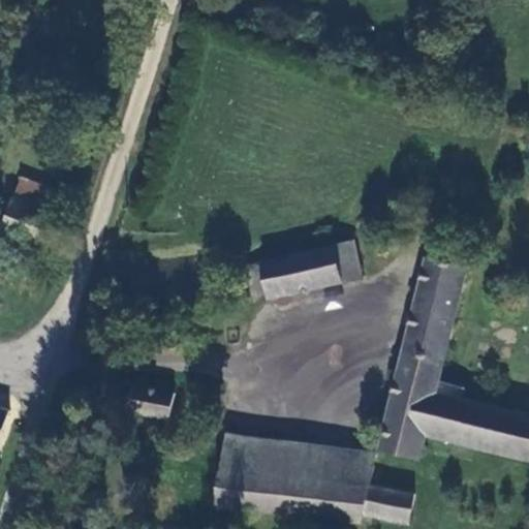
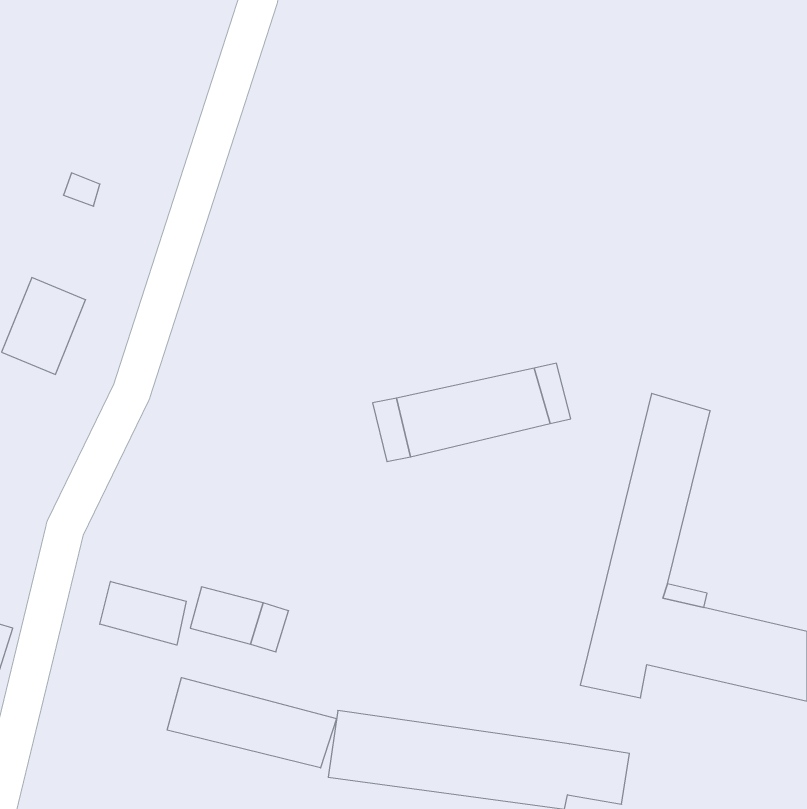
building: none -> [100,581,186,645]
building: [220,433,376,485] -> none
building: none -> [167,678,337,768]

